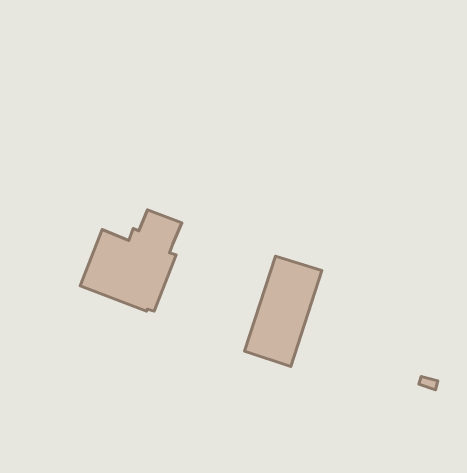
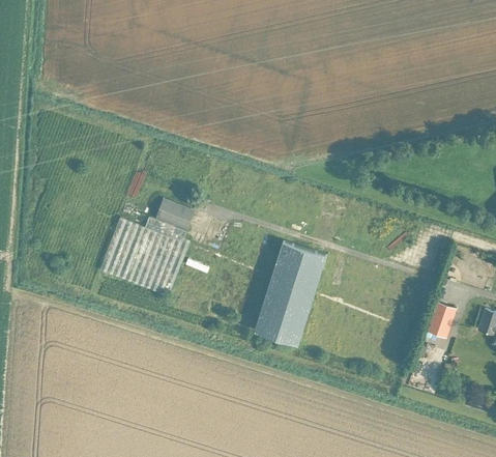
building: none -> [427,303,456,339]

